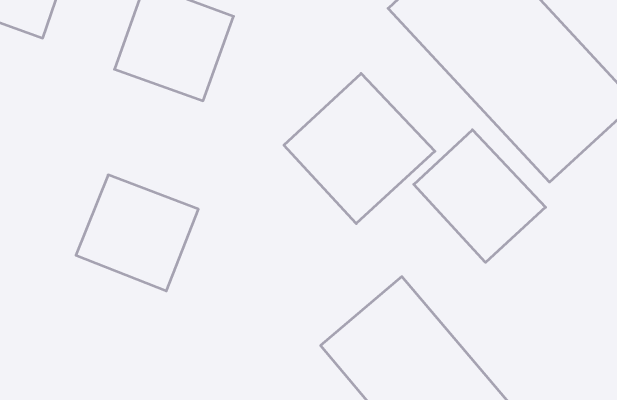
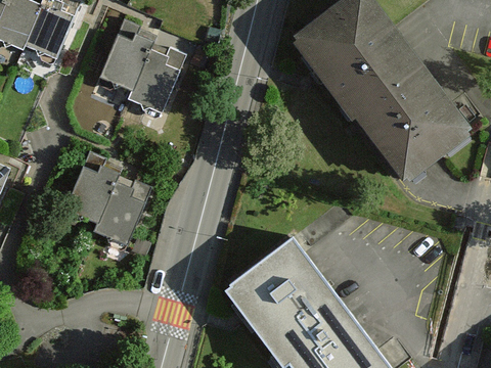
building: [284,73,435,224] -> none
building: [414,130,546,262] -> none

